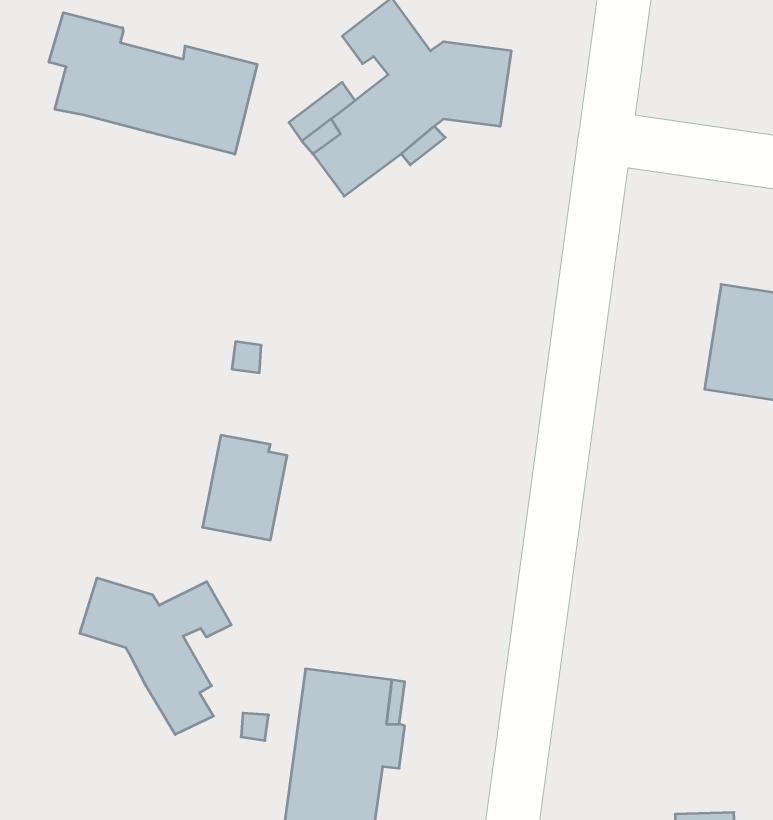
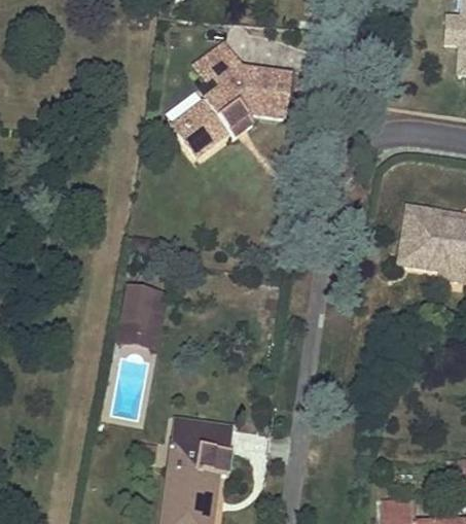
building: [49,13,257,154] -> none
building: [80,578,231,735] -> none

